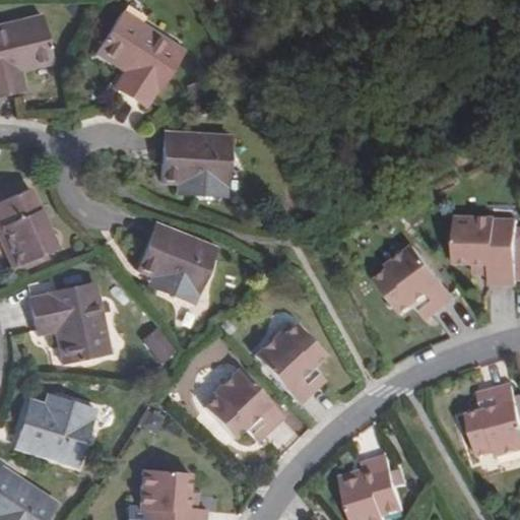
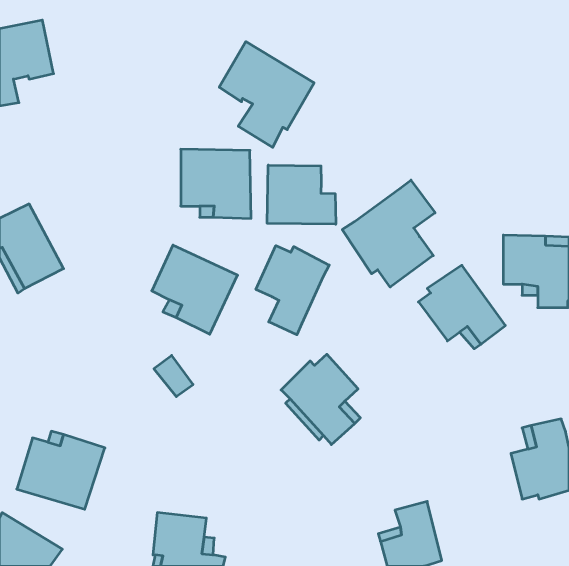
building: [93,12,180,109] -> [219,42,314,147]
building: none -> [267,165,336,224]
building: none -> [342,180,435,287]
building: none -> [256,246,329,335]
building: [30,281,110,363] -> none
building: [202,370,283,443] -> none

